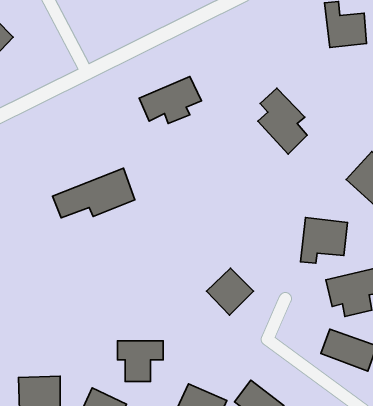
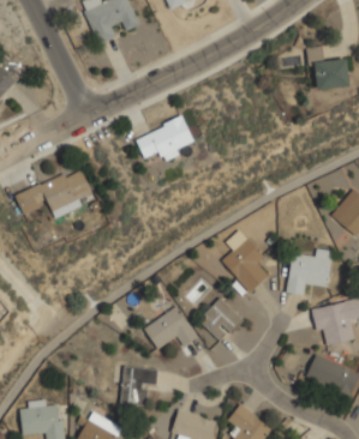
building: [258,88,307,154] -> [221,230,268,293]
building: [52,168,135,218] -> [14,168,92,215]
building: none -> [144,300,198,350]

